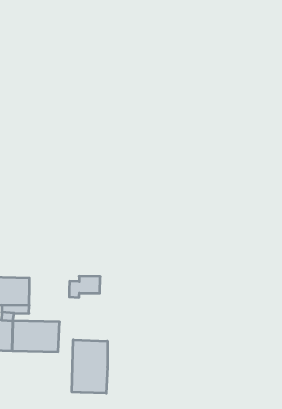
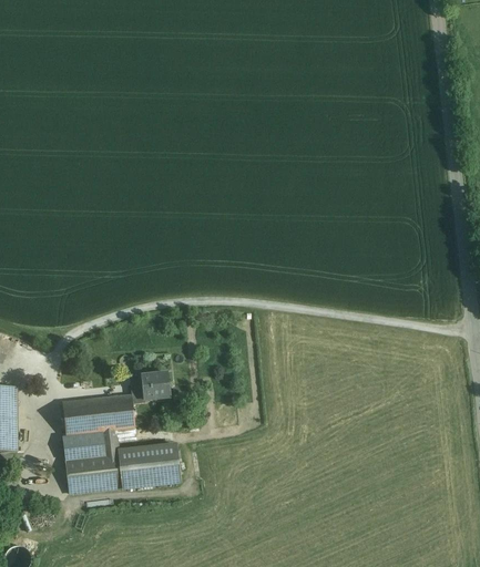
building: [69,276,100,297] -> [129,371,168,402]
building: [72,340,107,393] -> none

